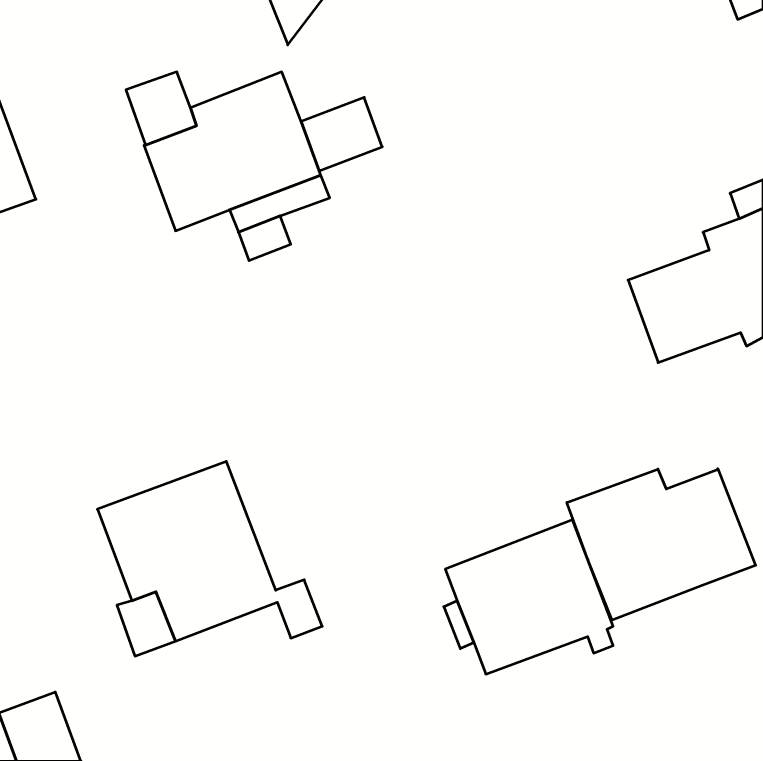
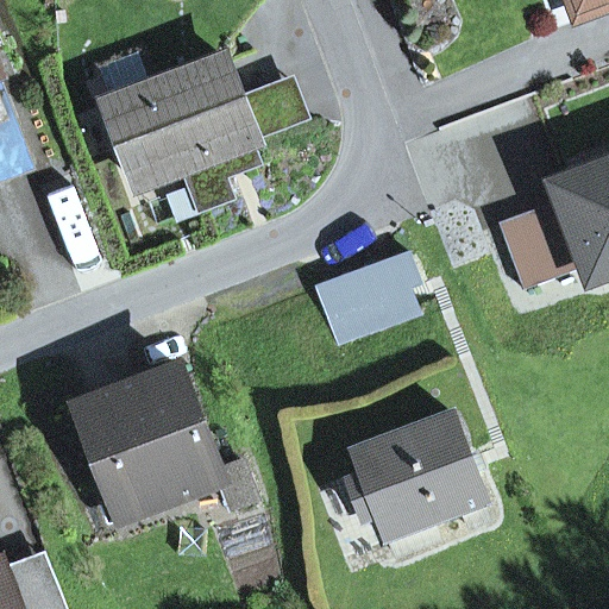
building: none -> [316,252,417,340]
building: [567,469,756,620] -> none

